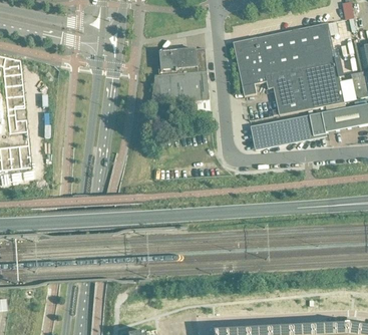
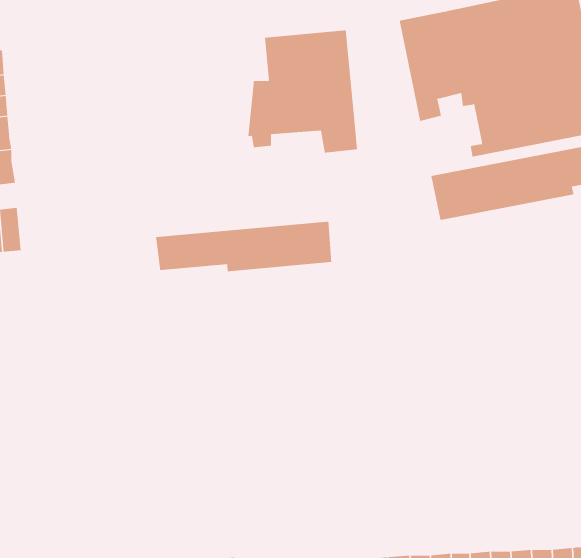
building: none -> [155,221,332,272]

